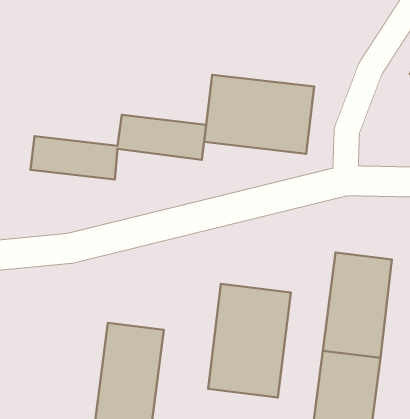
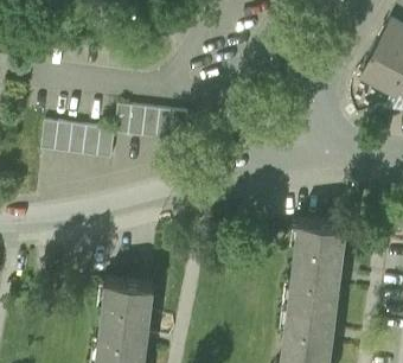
building: [204,75,314,154] -> none
building: [208,284,291,398] -> none

